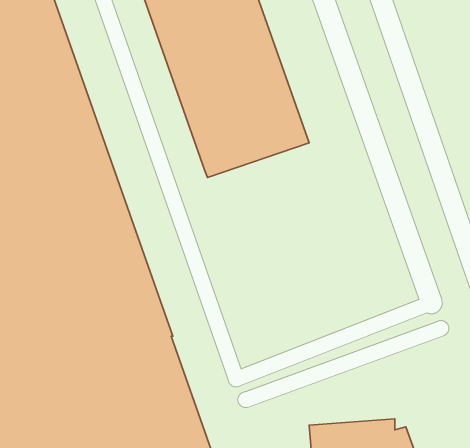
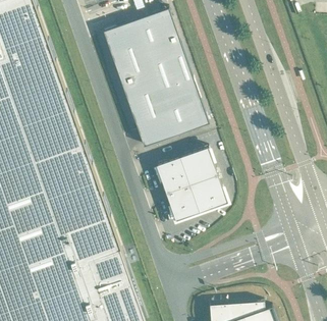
building: none -> [156,148,227,221]

